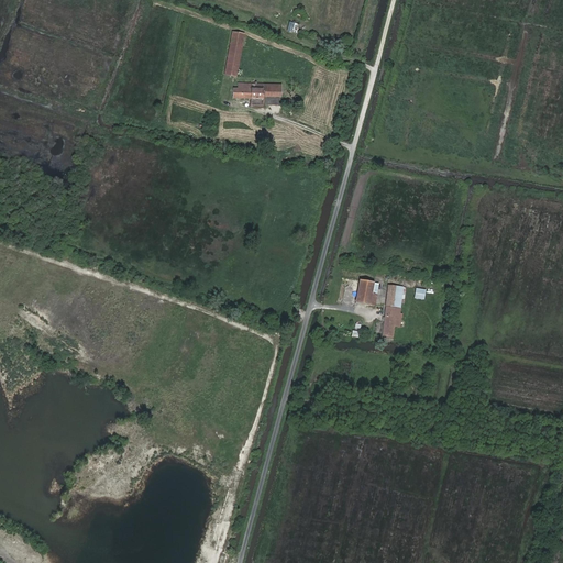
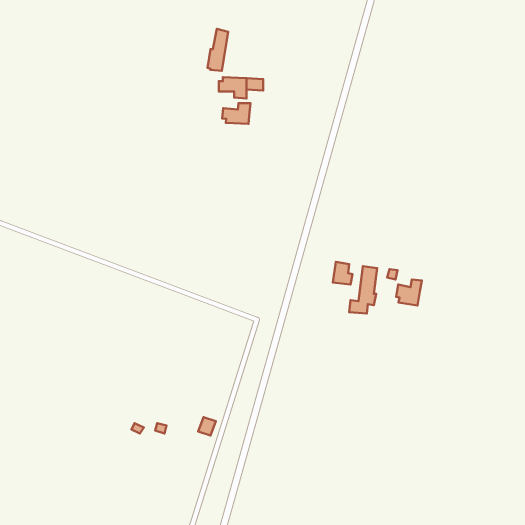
building: none -> [222,103,250,124]
building: none -> [396,280,422,305]

